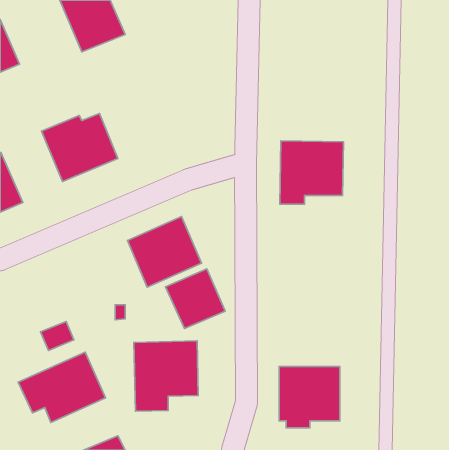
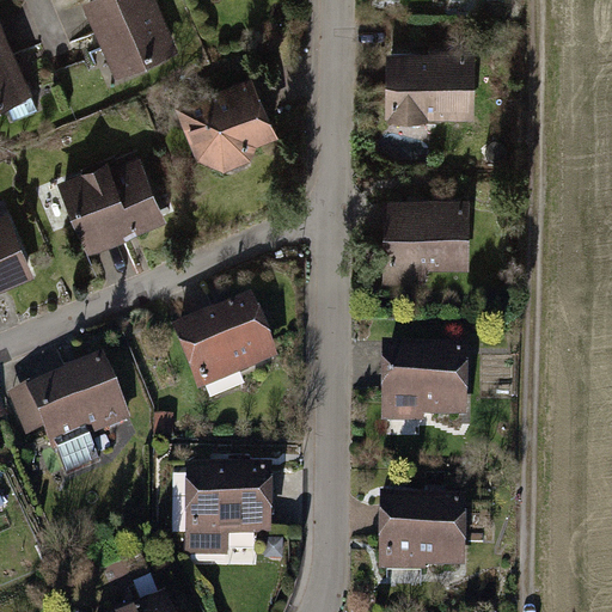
building: none -> [384,44,472,127]
building: none -> [176,71,276,165]
building: none -> [381,344,464,428]
building: [166,269,225,329] -> none
building: [18,352,105,423] -> [8,353,127,448]

